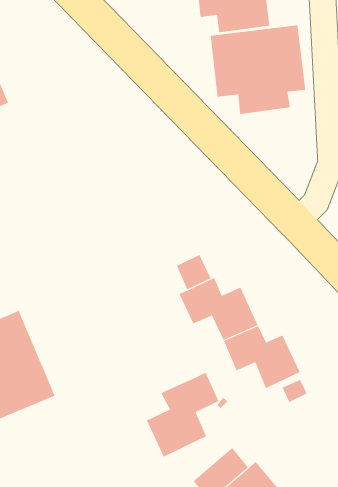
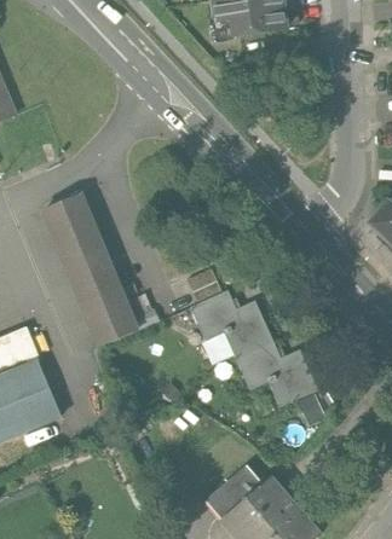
building: [210,24,306,115] -> none
building: none -> [45,196,137,348]
building: [146,372,219,458] -> none

